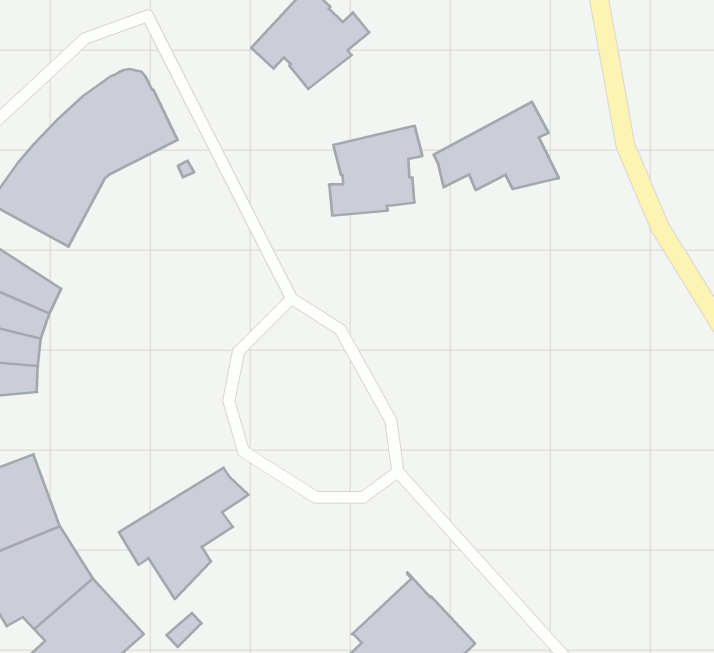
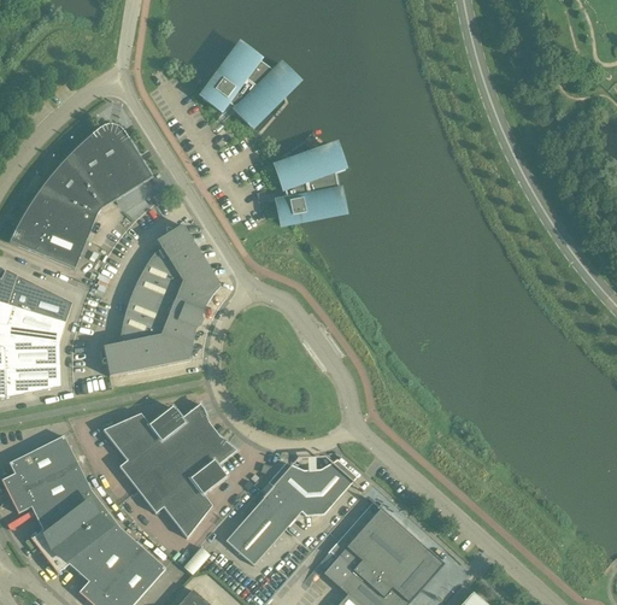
building: [434,102,559,190] -> none
building: none -> [104,224,221,376]
building: none -> [102,404,215,489]
building: none -> [225,459,357,565]

